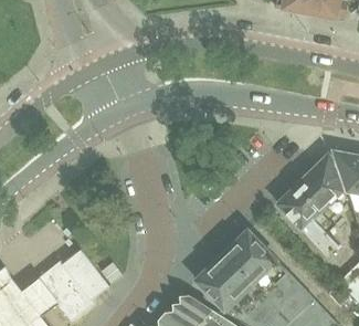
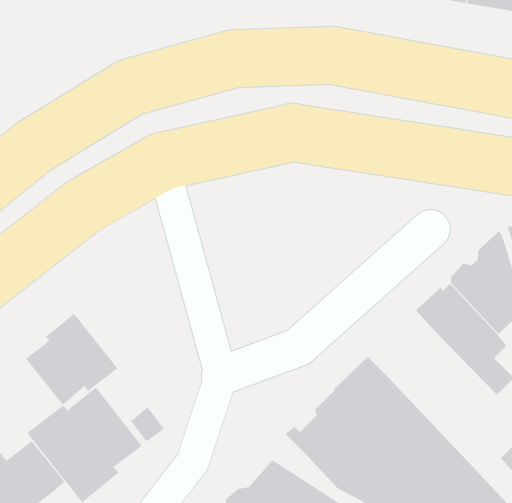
building: none -> [25,313,118,405]

